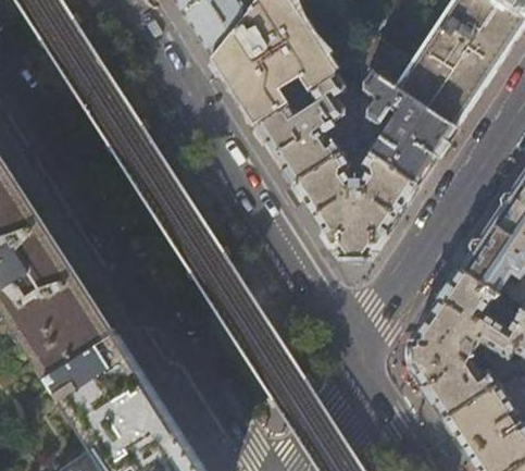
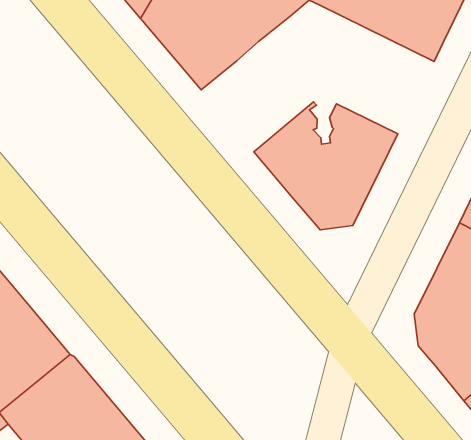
building: [361,63,457,182] -> none
building: [254,70,349,181] -> none

